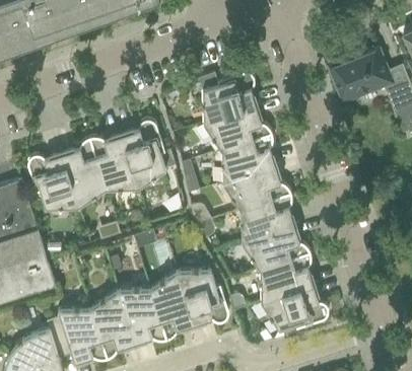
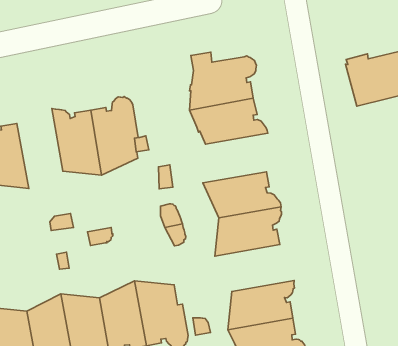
building: [221,135,275,183] -> none
building: [62,139,106,208] -> none
building: [242,226,311,271] -> none

